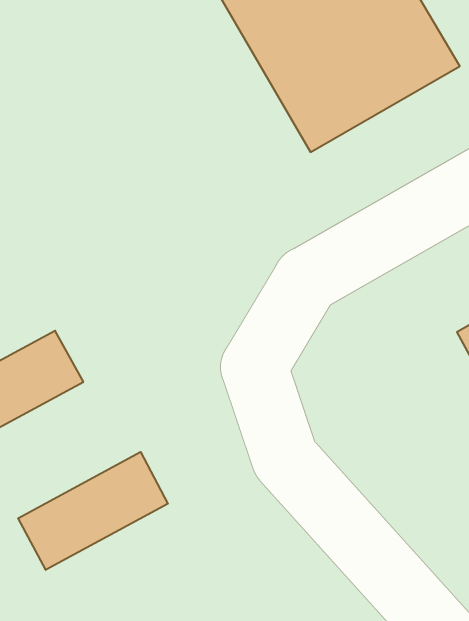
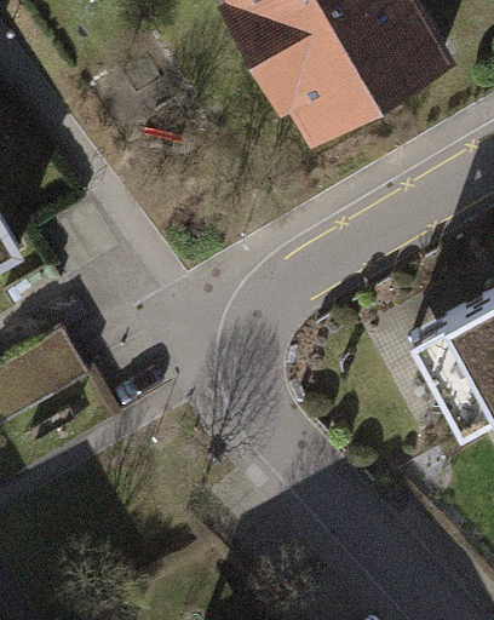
building: [18,452,168,570] -> none

